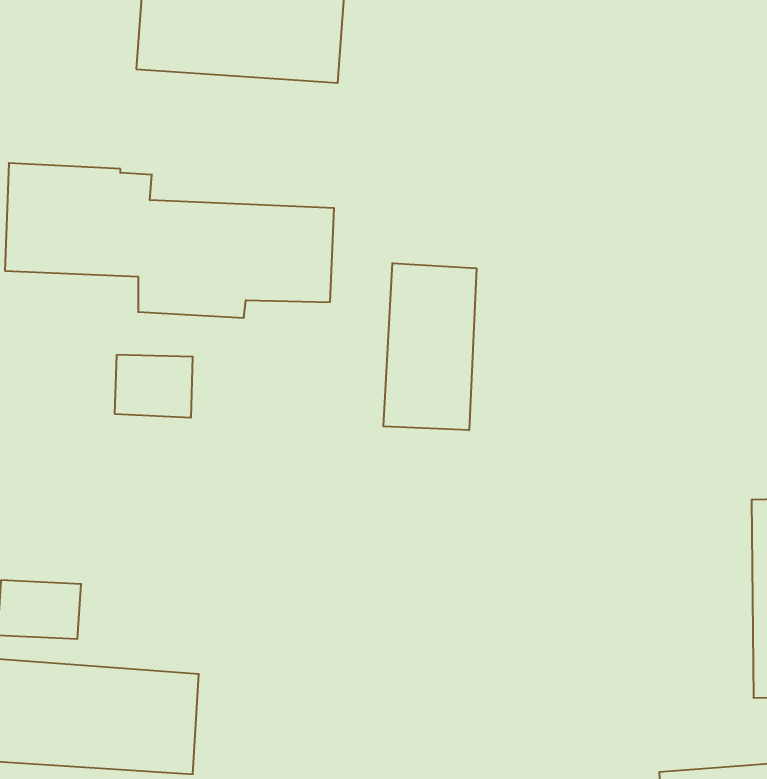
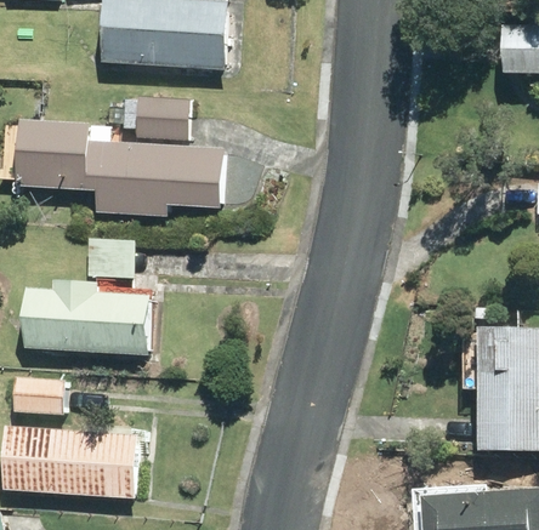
building: none -> [123,98,188,141]
building: [383,263,476,430] -> none
building: none -> [25,280,148,355]

